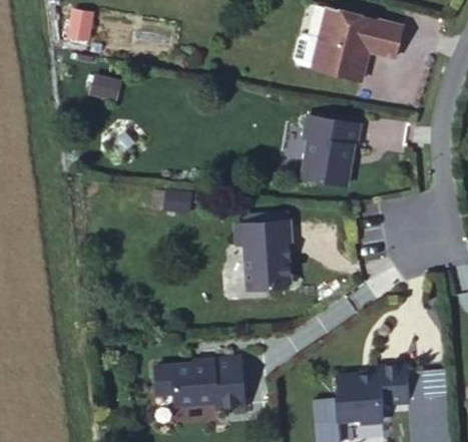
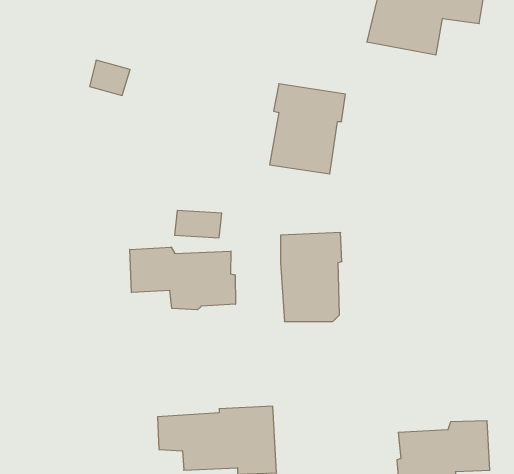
building: [303,118,361,187] -> [270,84,345,174]
building: none -> [130,247,235,310]

